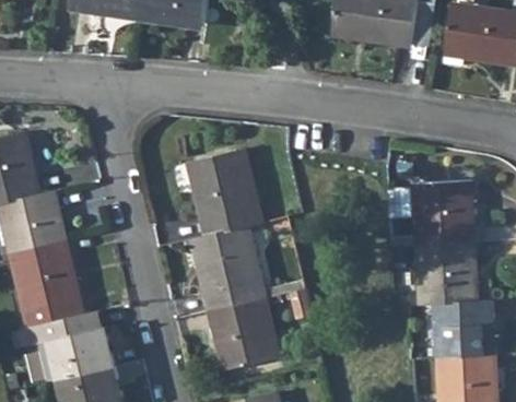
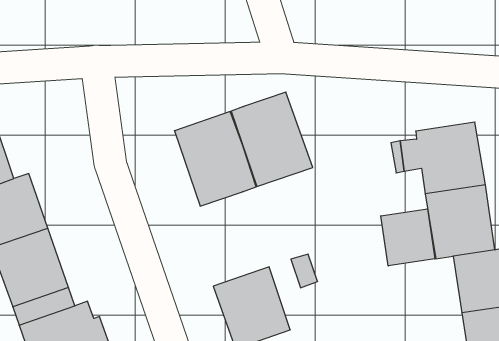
building: [195,223,266,308] -> [231,92,313,187]
building: none -> [381,209,435,266]

